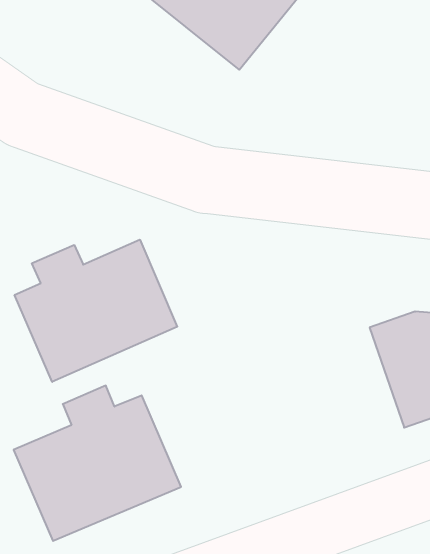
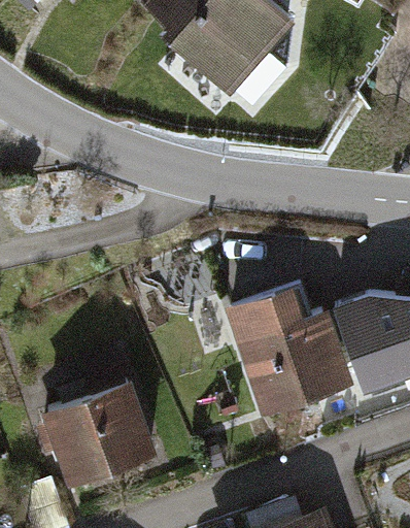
building: [15,240,177,382] -> none
building: none -> [227,295,346,415]

